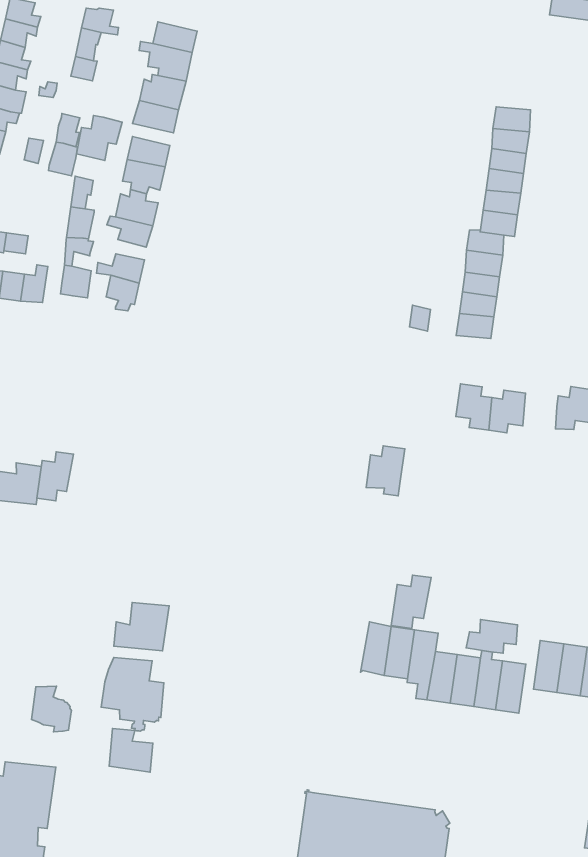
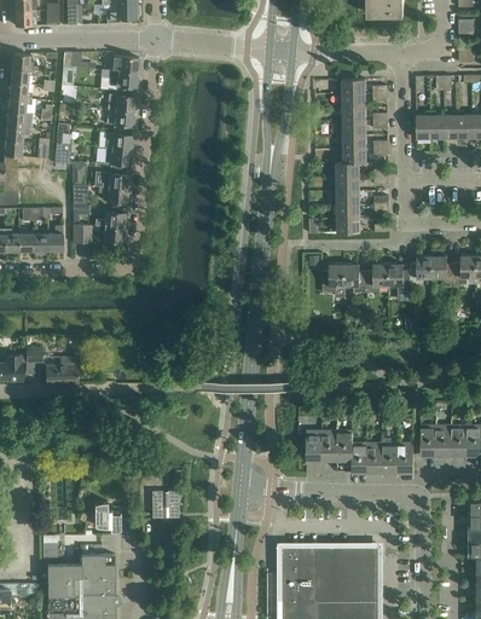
building: [77,116,122,161] -> none
building: none -> [388,264,411,299]
building: [366,446,405,496] -> [323,265,344,296]
building: [37,452,74,501] -> none
building: [391,575,431,628] -> none
building: [114,603,169,651] -> none
building: [466,620,518,653] -> none
building: [109,728,153,772] -> none

